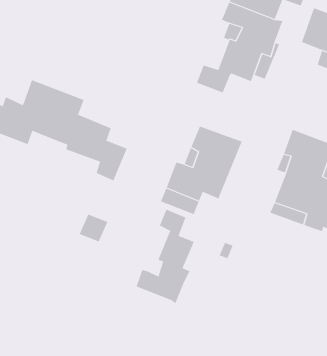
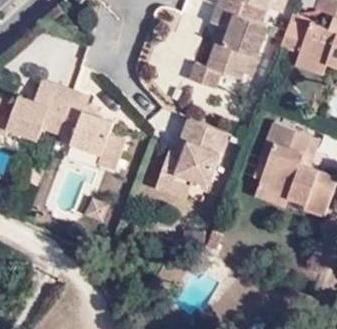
building: [136,209,194,304] -> none

